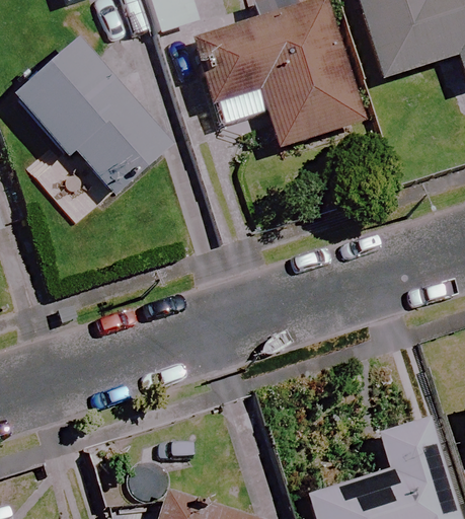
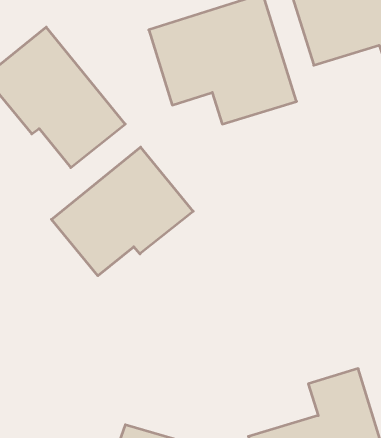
building: none -> [51,147,193,276]

